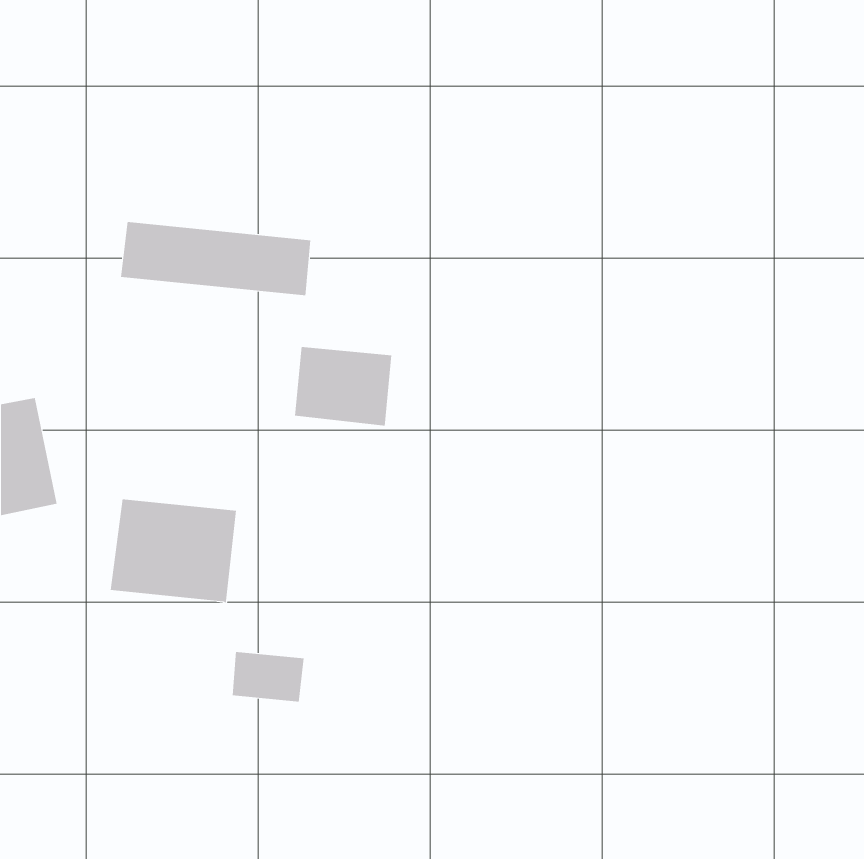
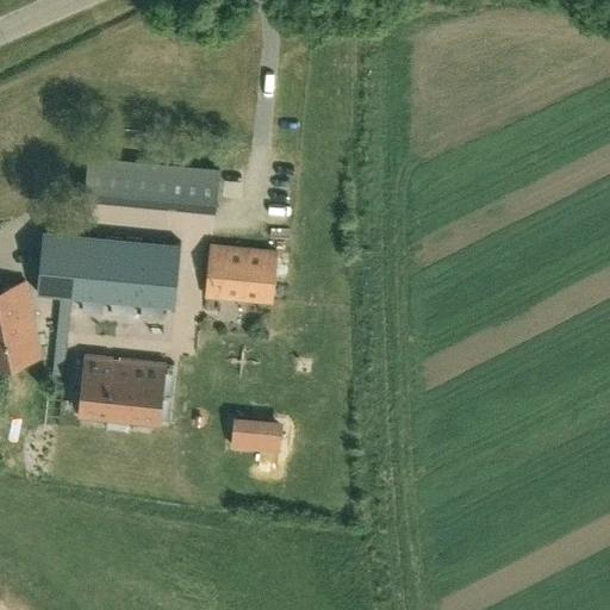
building: none -> [37,231,181,309]
building: [232,652,305,702] -> [232,418,284,454]

